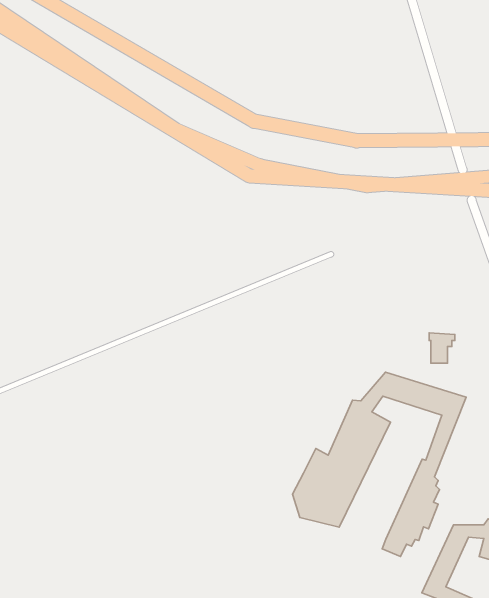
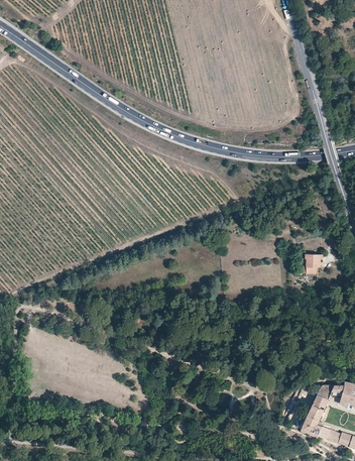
building: [293,372,466,557] -> none

